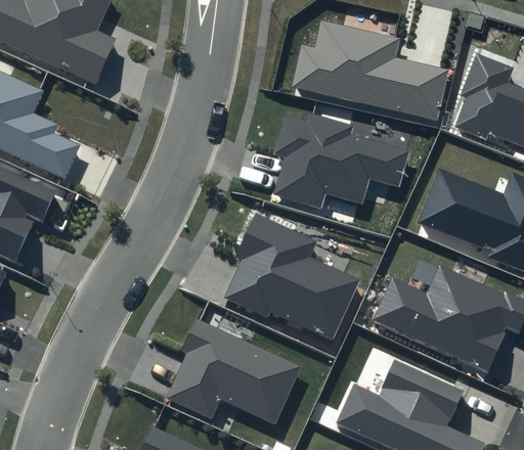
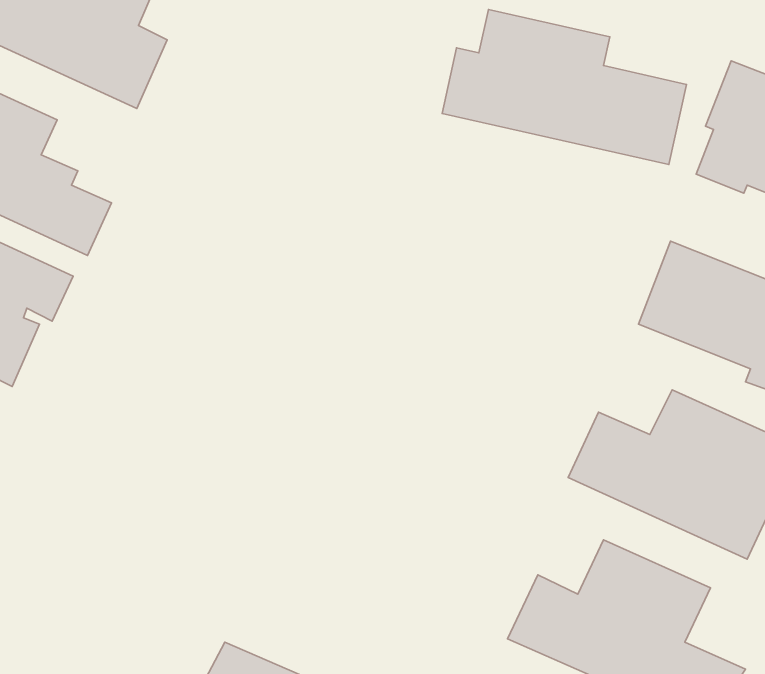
building: [273,112,410,210] -> none
building: [224,214,359,341] -> none
building: [167,319,302,425] -> none

